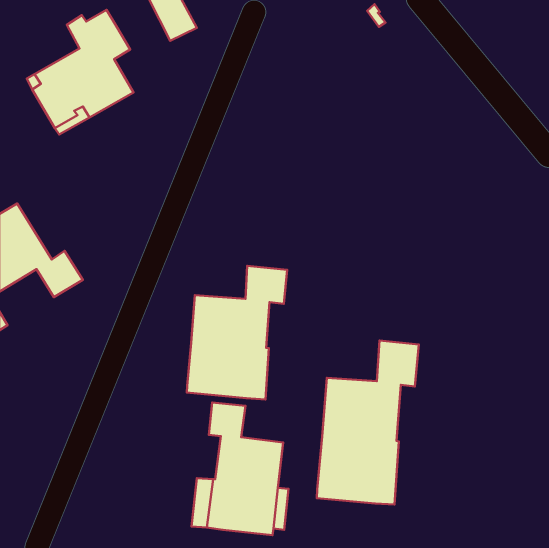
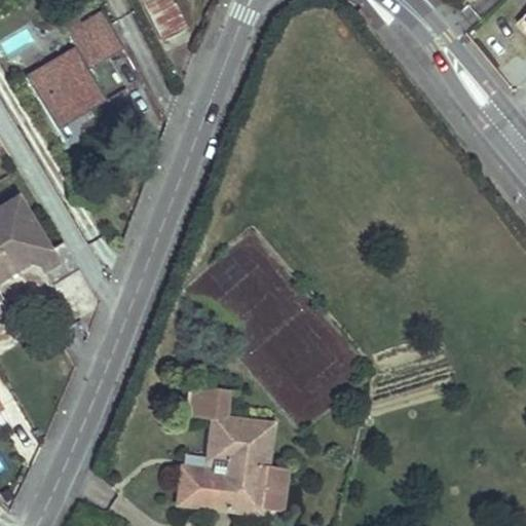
building: [187,266,287,399] -> none
building: [317,341,419,505] -> none

